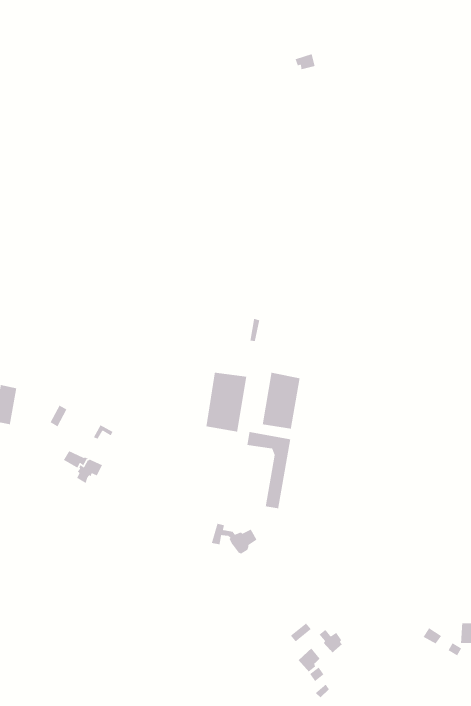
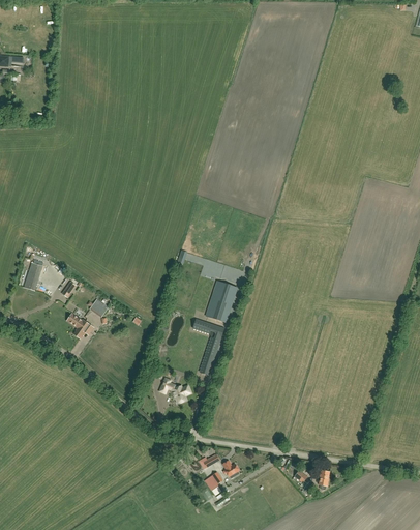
building: [206,372,247,433] -> none

